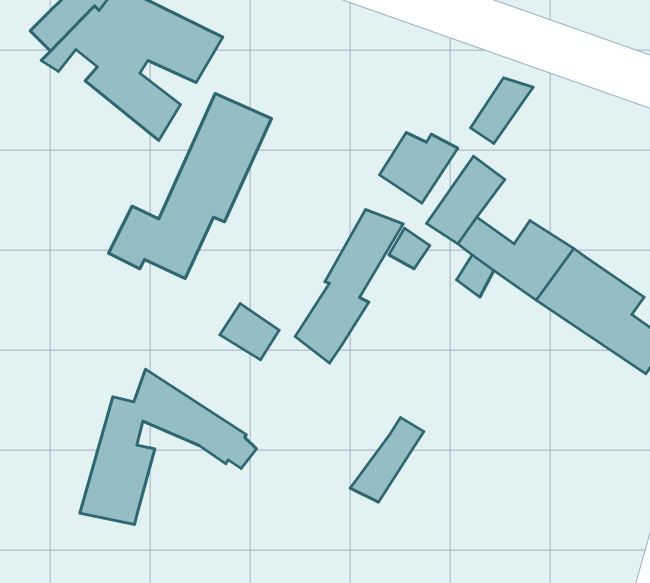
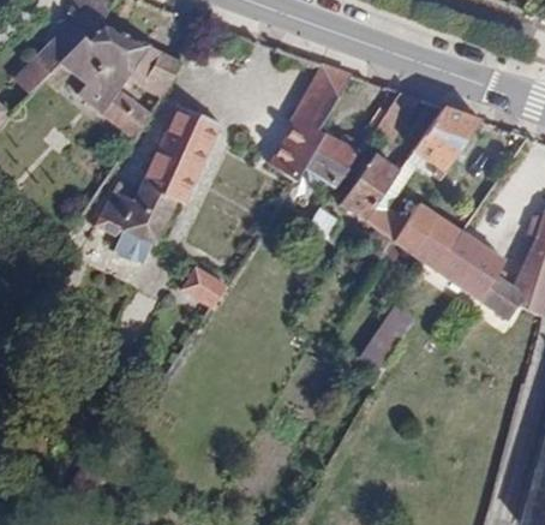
building: none -> [413,108,481,173]
building: [295,210,403,363] -> [268,64,351,181]
building: [80,369,256,524] -> none
building: [350,418,424,502] -> [358,304,414,369]

